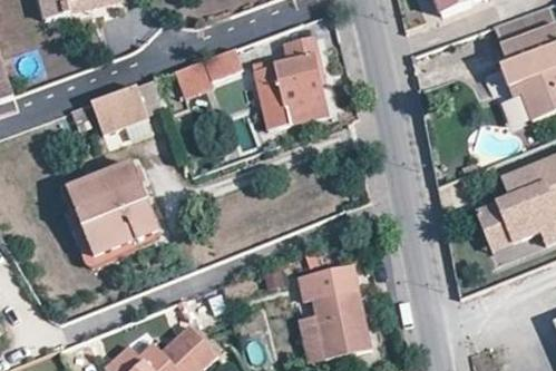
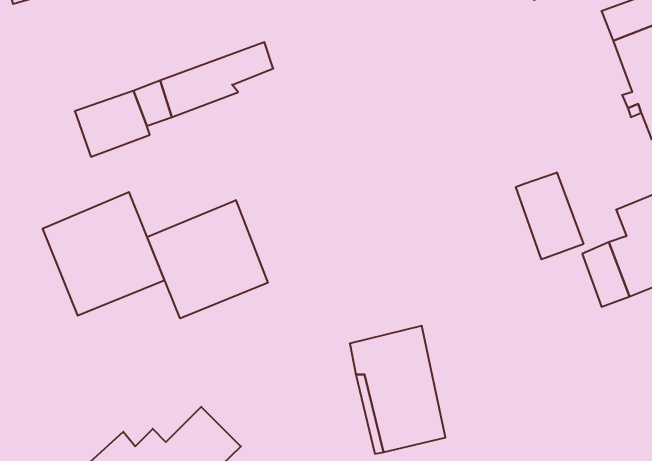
building: [253,36,330,129] -> none
building: none -> [516,172,583,259]
building: none -> [147,200,268,318]

